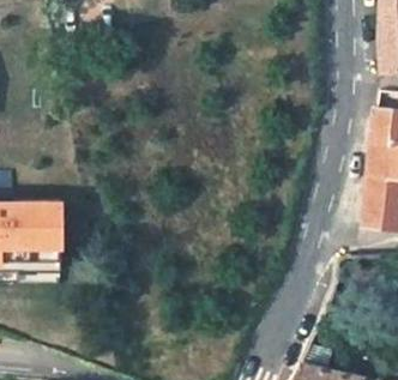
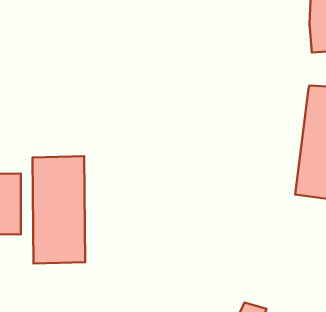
building: none -> [32,156,85,263]

